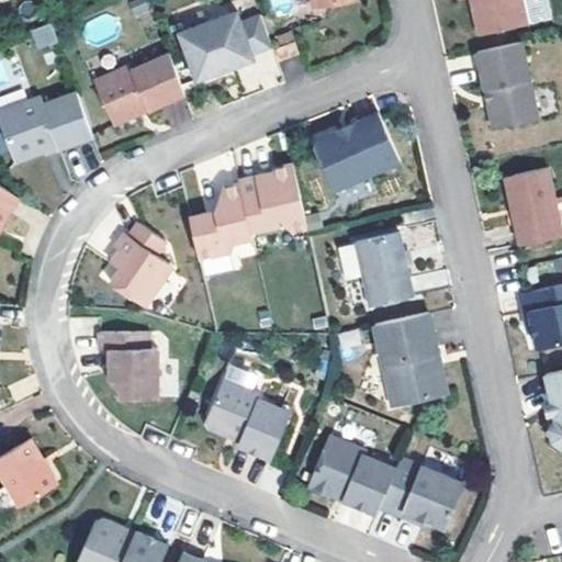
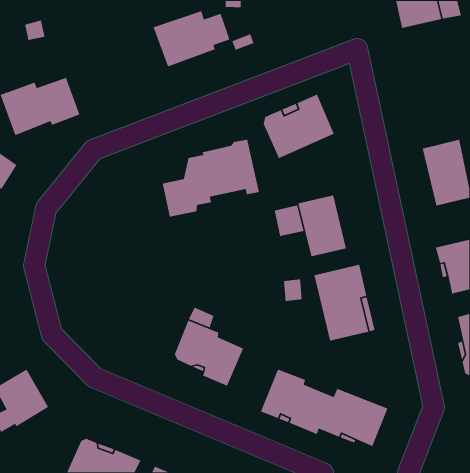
building: [474,43,535,127] -> none
building: [97,55,187,125] -> none
building: [110,229,169,314] -> none
building: [101,331,160,398] -> none

